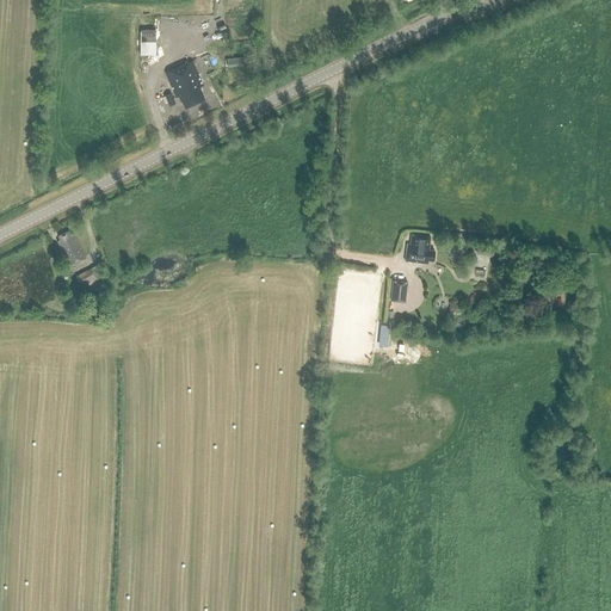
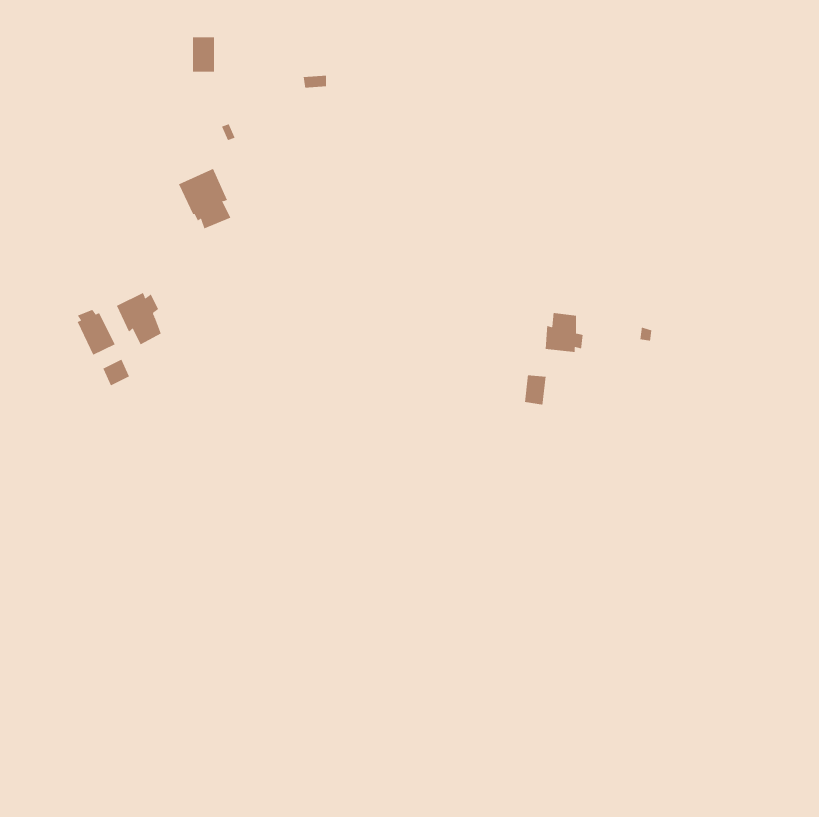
building: [166,61,205,106] -> [178,168,231,229]
building: none -> [116,292,162,345]

